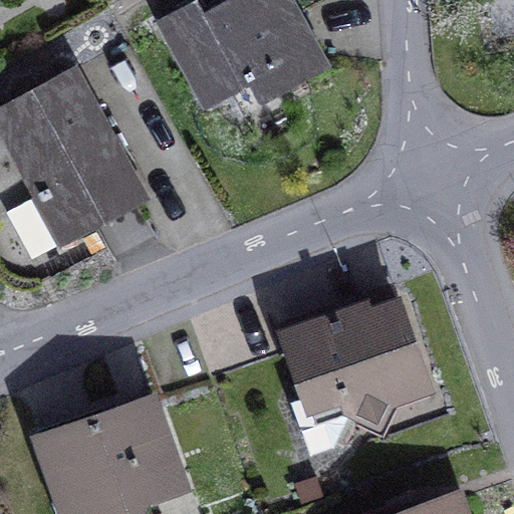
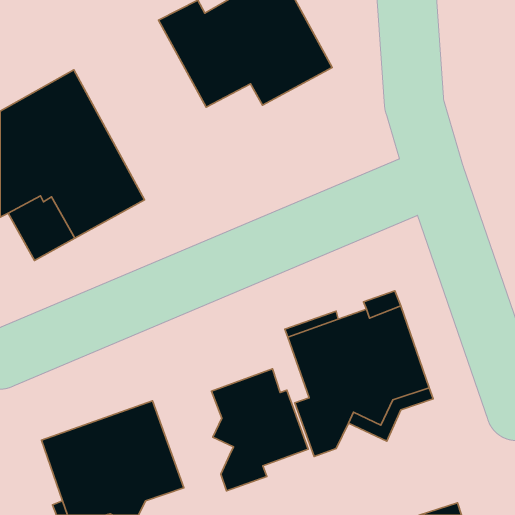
building: none -> [211,369,308,491]

